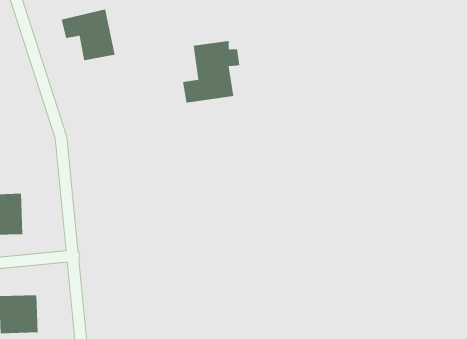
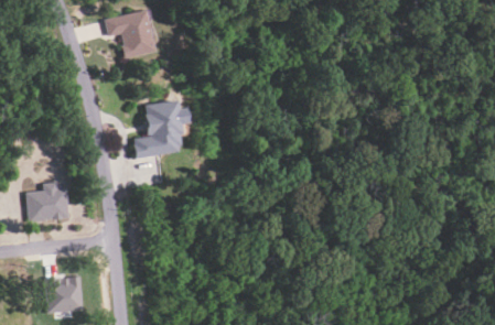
building: [182,41,240,103] -> [132,100,186,159]

